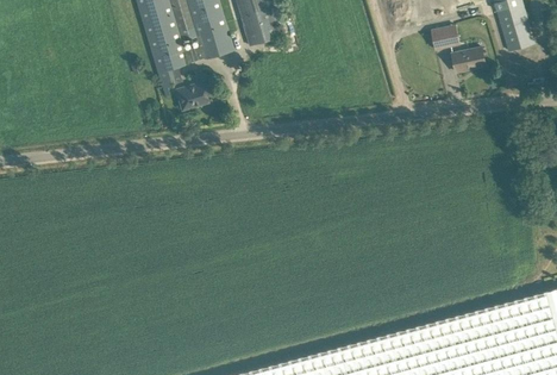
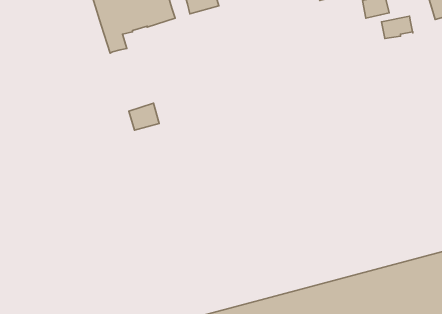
building: [176,83,208,112] -> [129,103,159,130]

